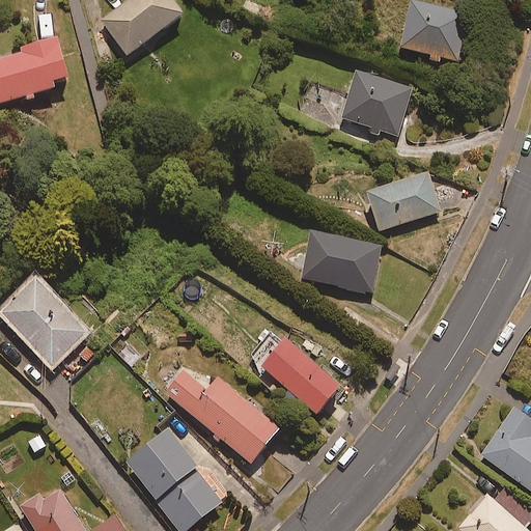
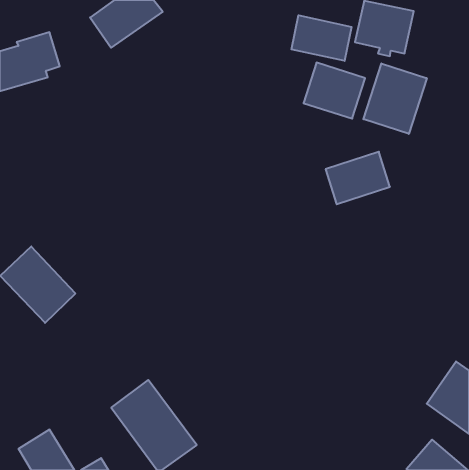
building: none -> [291,15,352,61]
building: none -> [363,63,427,134]
building: [301,230,382,294] -> none
building: [261,337,341,414] -> none
building: [164,367,279,463] -> none

